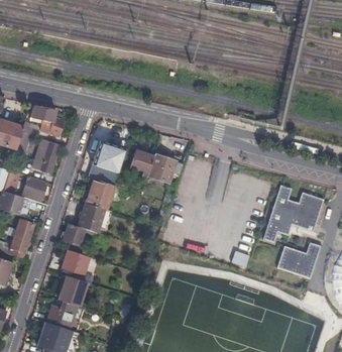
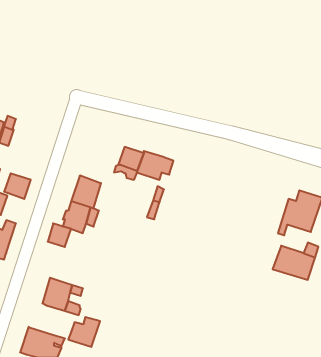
building: [31,106,65,135] -> none
building: [32,138,60,172] -> none
building: [89,140,124,185] -> none
building: [262,184,292,241] -> none
building: [63,249,90,274] -> none
building: [46,301,77,329] -> [68,317,100,347]

